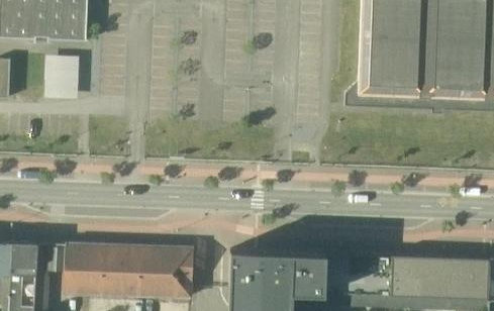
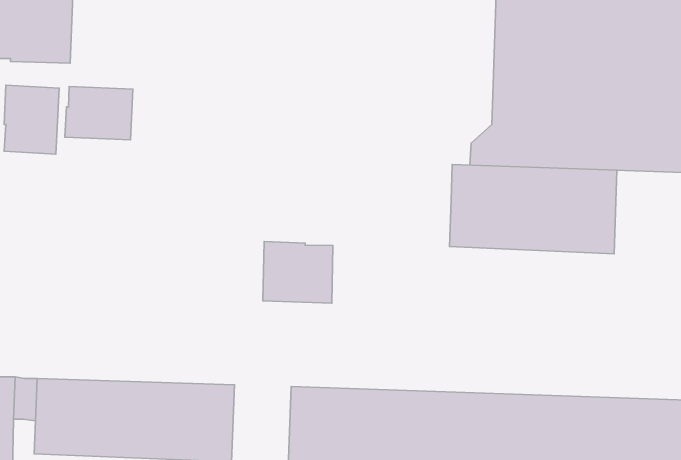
building: none -> [65,87,133,140]
building: none -> [450,165,617,254]
building: none -> [263,242,333,303]

